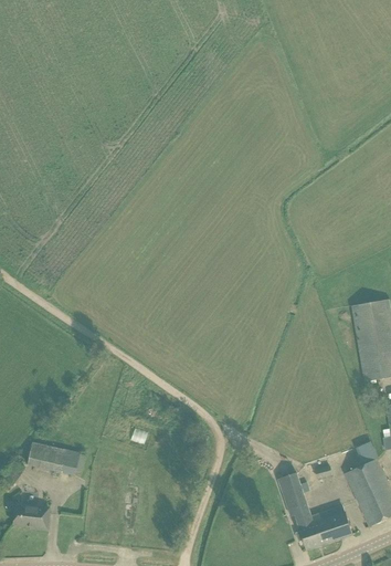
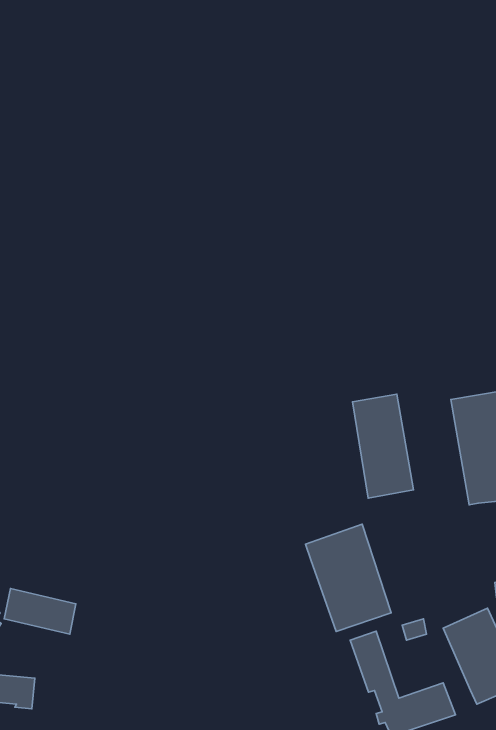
building: none -> [353,394,414,498]
building: none -> [305,524,391,632]

